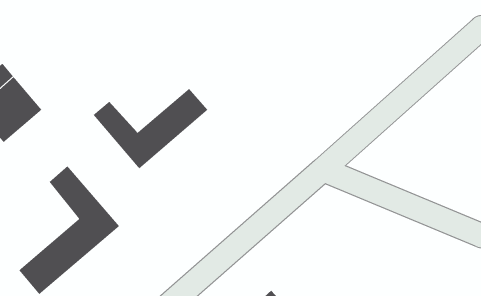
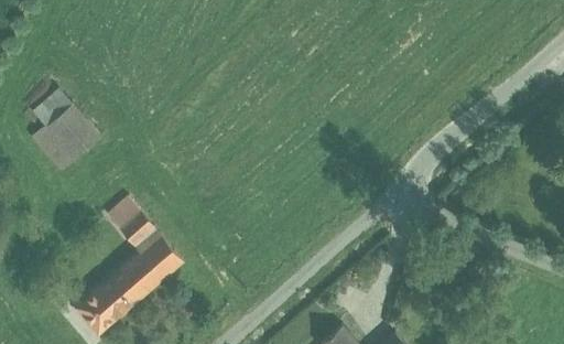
building: [92,88,209,169] -> none

